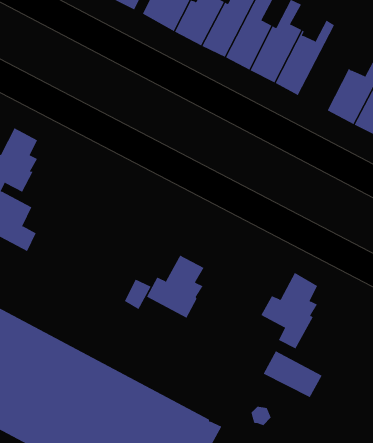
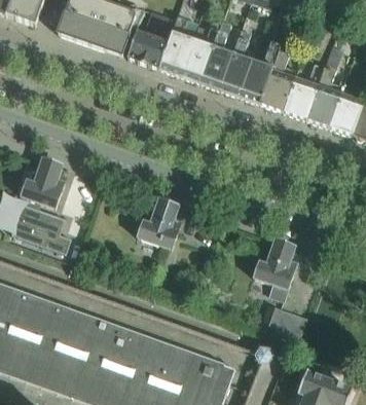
building: none -> [258,36,298,111]
building: [146,255,205,318] -> [137,199,180,248]

